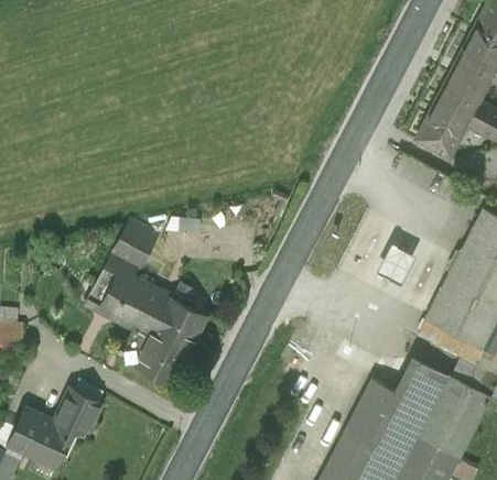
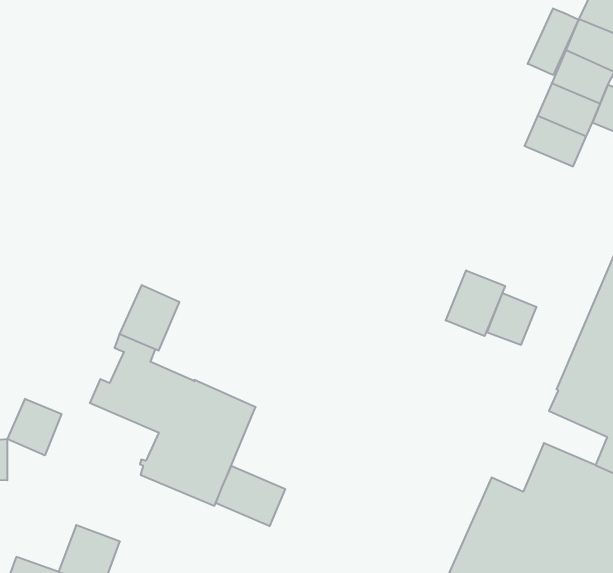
building: none -> [528,8,578,75]
building: none -> [446,270,505,336]
building: none -> [7,399,62,455]
building: none -> [216,466,285,526]

